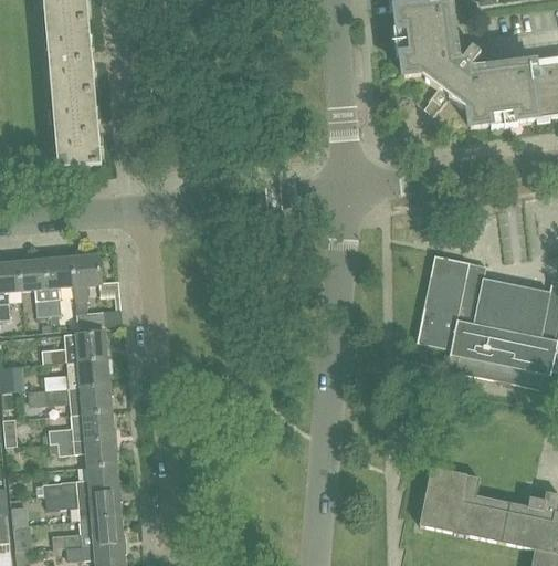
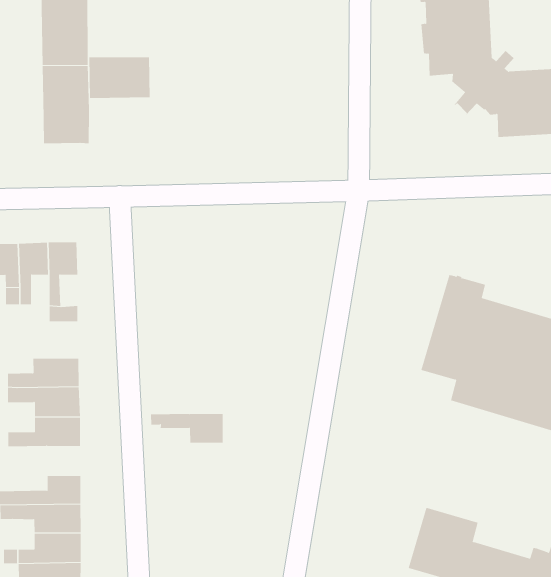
building: none -> [89,57,150,99]
building: [41,329,107,363] -> none
building: [49,437,117,465] -> [150,414,224,443]

